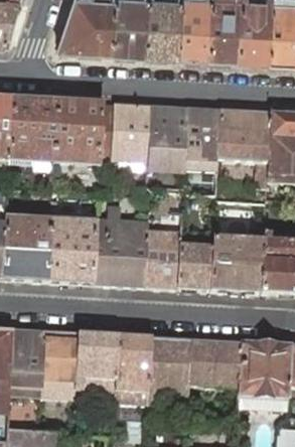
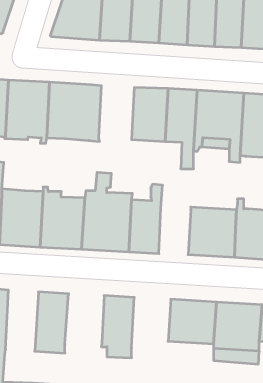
building: [111,104,150,169] -> none
building: [177,239,212,290] -> none
building: [8,329,44,397] -> none
building: [73,333,117,392] -> none
building: [147,337,190,406] -> none

